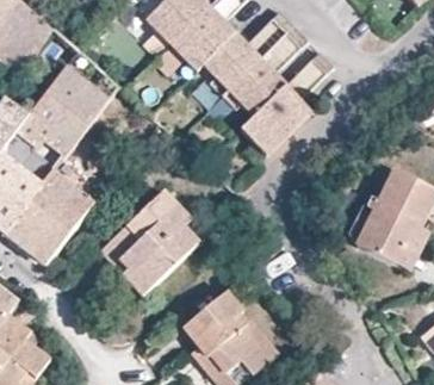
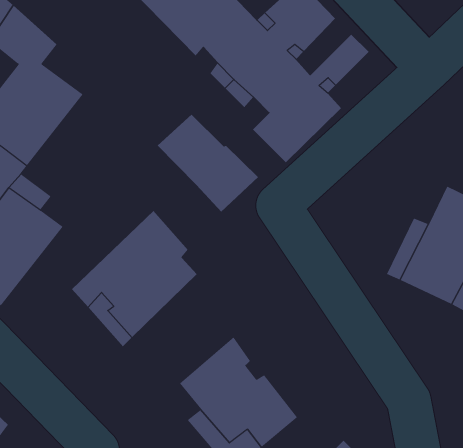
building: none -> [157,114,259,212]

